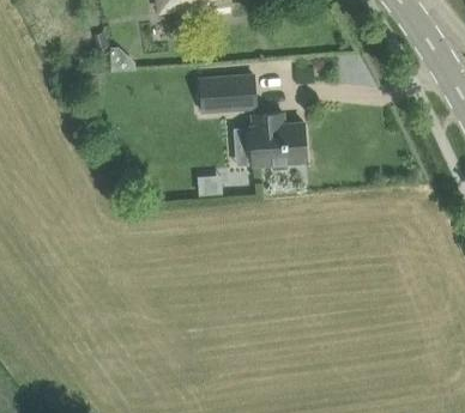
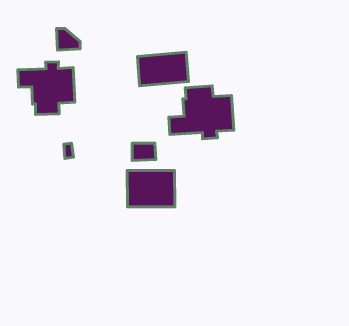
building: none -> [18,62,75,115]
building: none -> [127,171,175,207]

